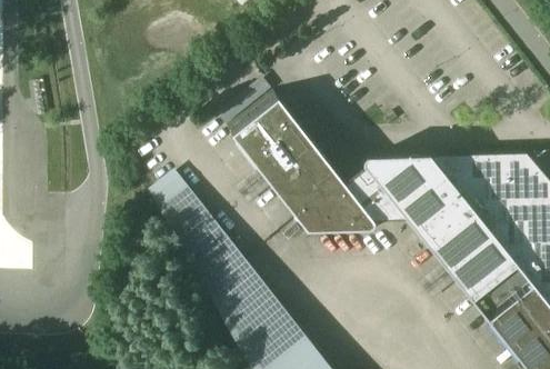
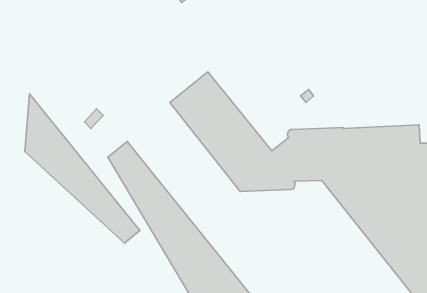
building: none -> [25,94,140,243]

